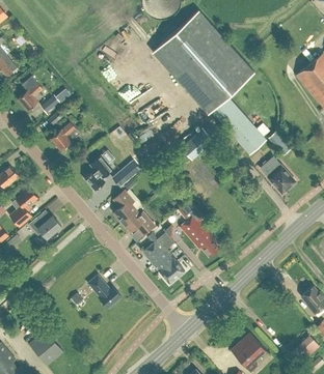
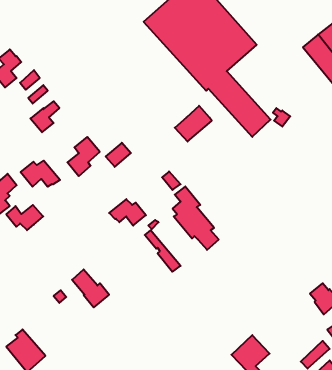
building: [261,155,297,193] -> none
building: none -> [21,161,60,187]
building: [114,190,137,223] -> none
building: [142,242,179,283] -> none

